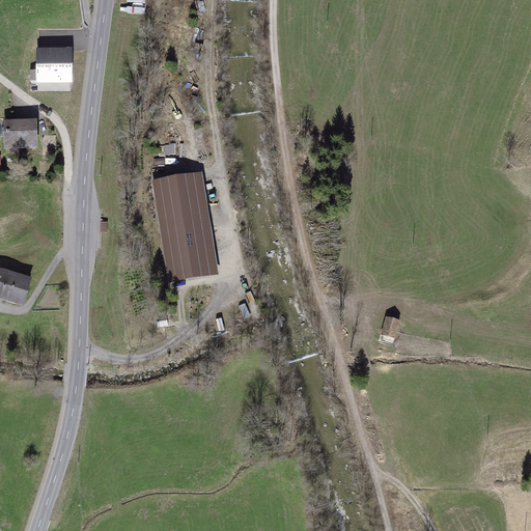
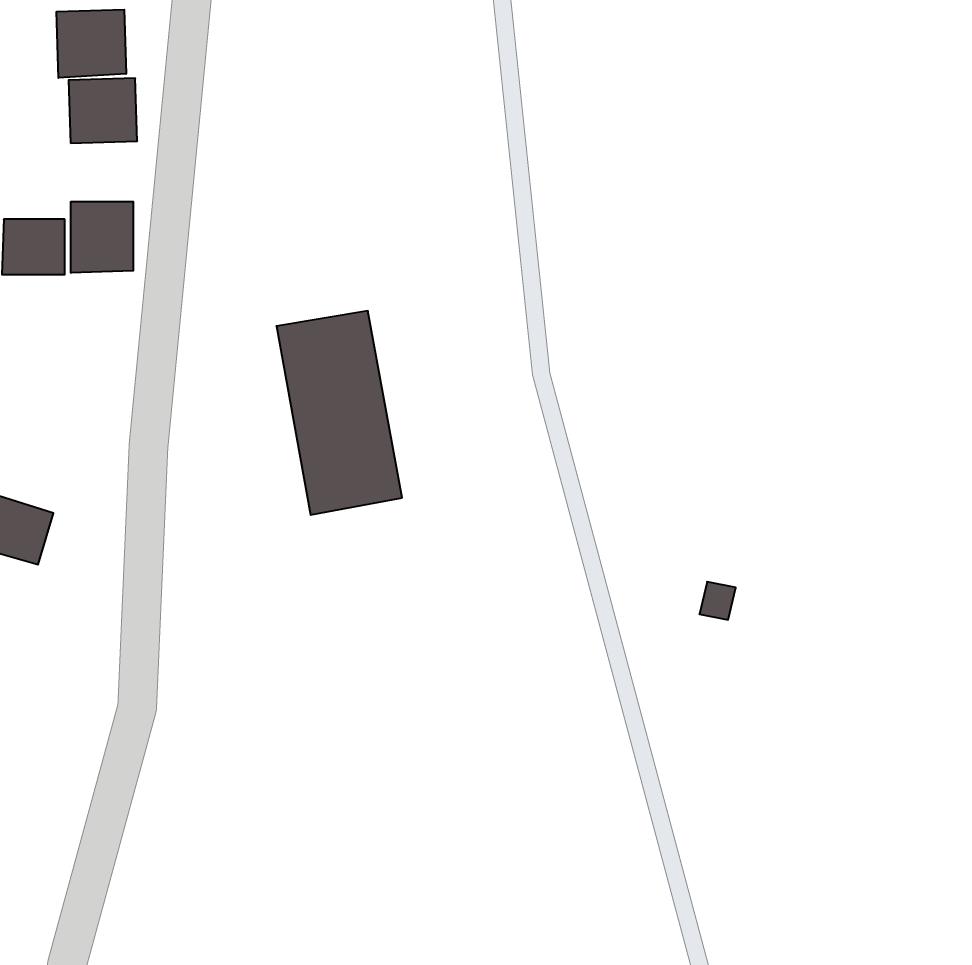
building: none -> [57,10,126,78]
building: none -> [71,202,133,273]

